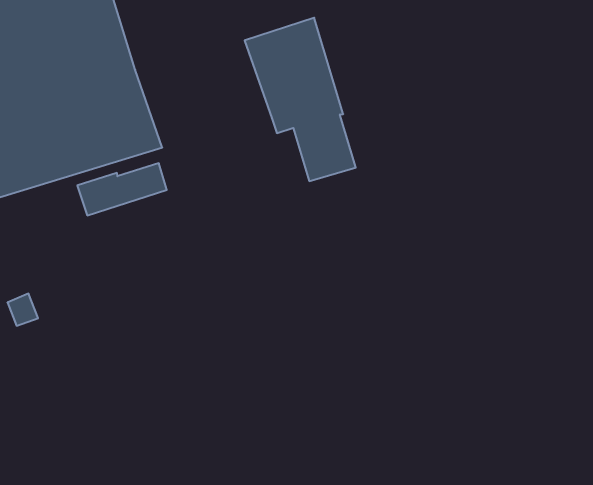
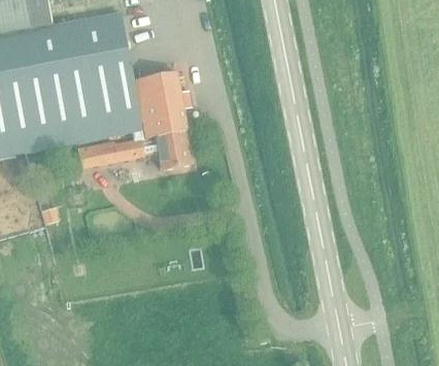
building: [245,18,356,181] -> [131,73,190,171]

